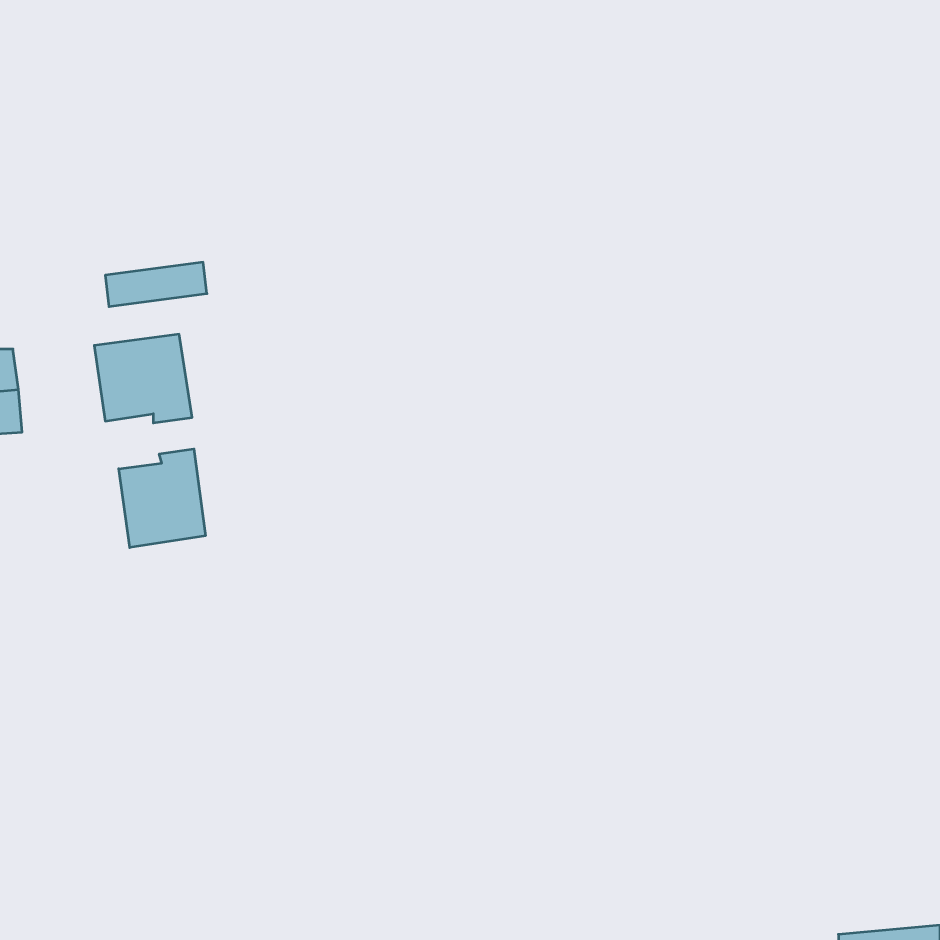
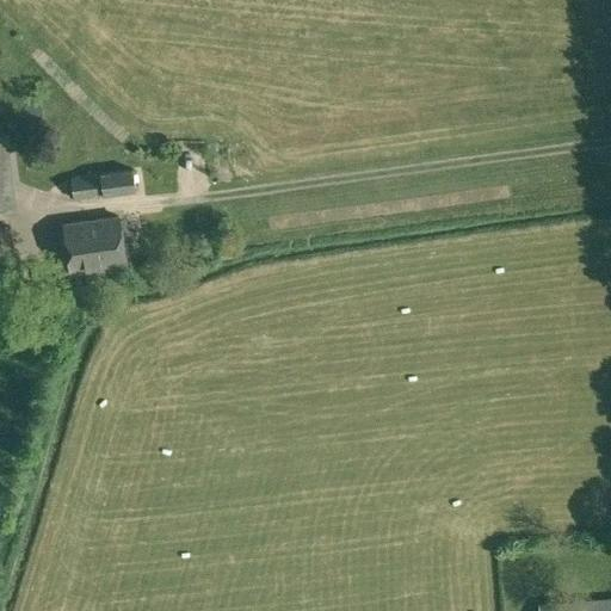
building: [119,449,205,548] -> none

